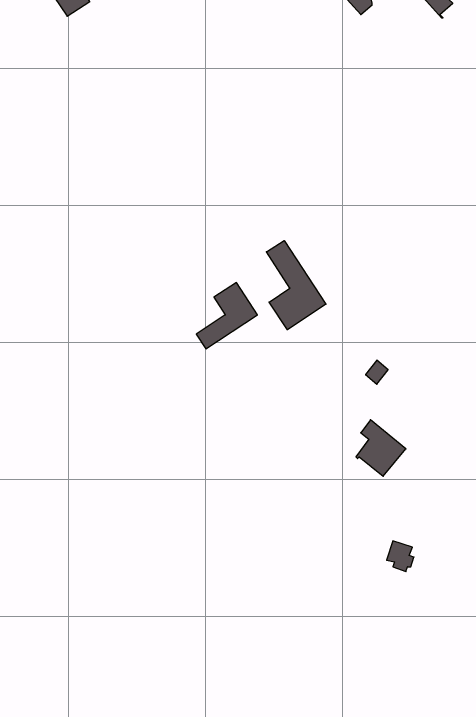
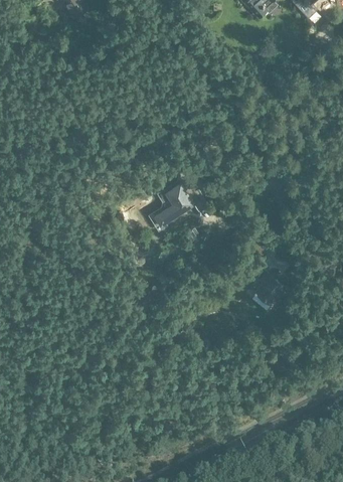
building: [266,241,326,330] -> none

